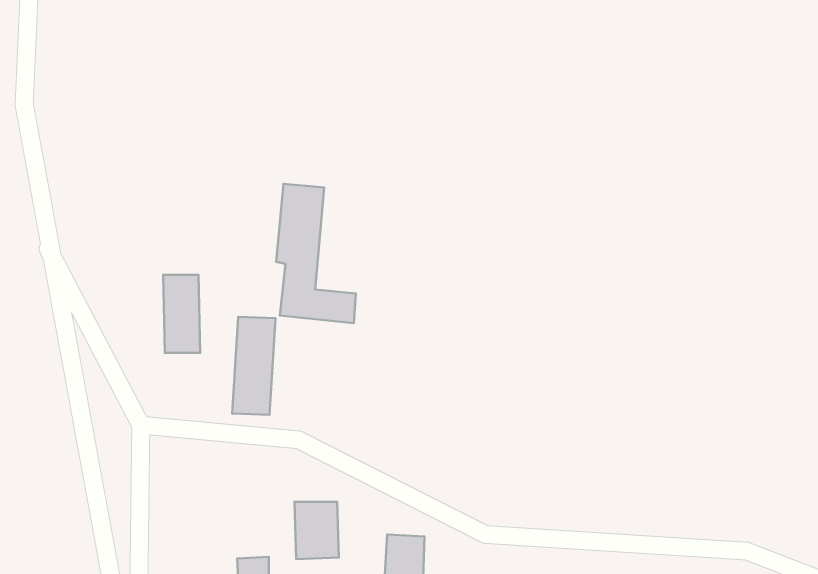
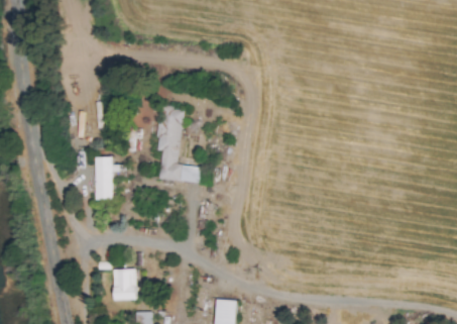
building: [232,317,276,415] -> none
building: [294,502,339,559] -> [113,268,137,300]

